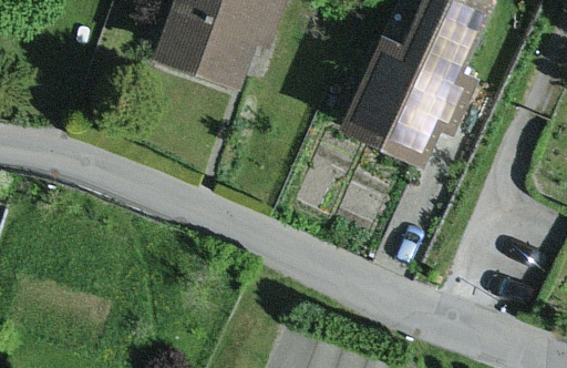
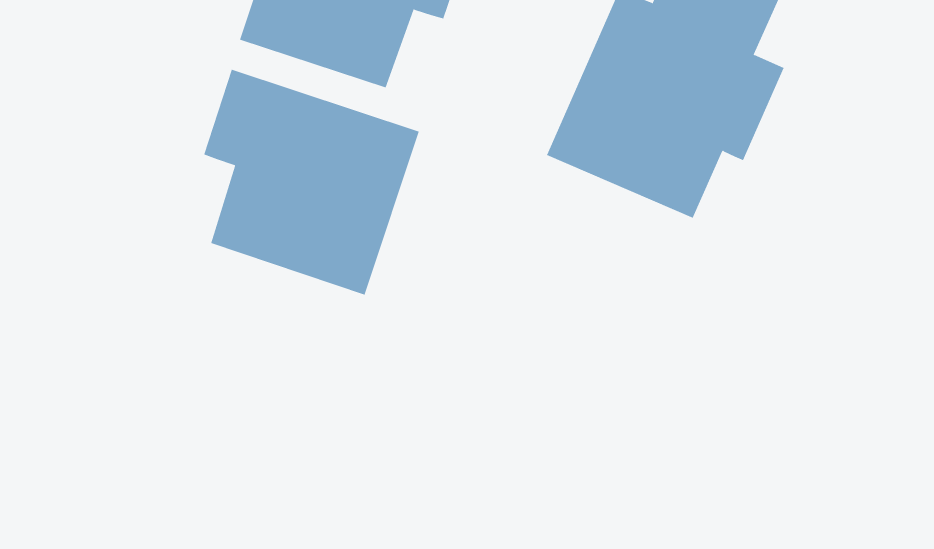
building: none -> [204,69,419,295]

